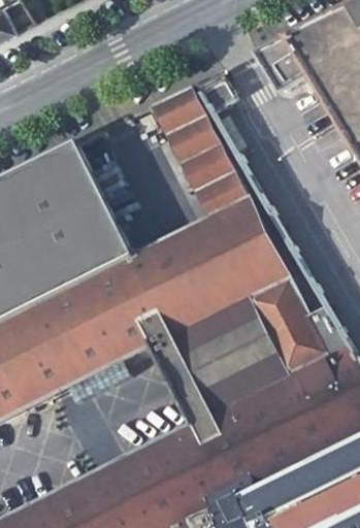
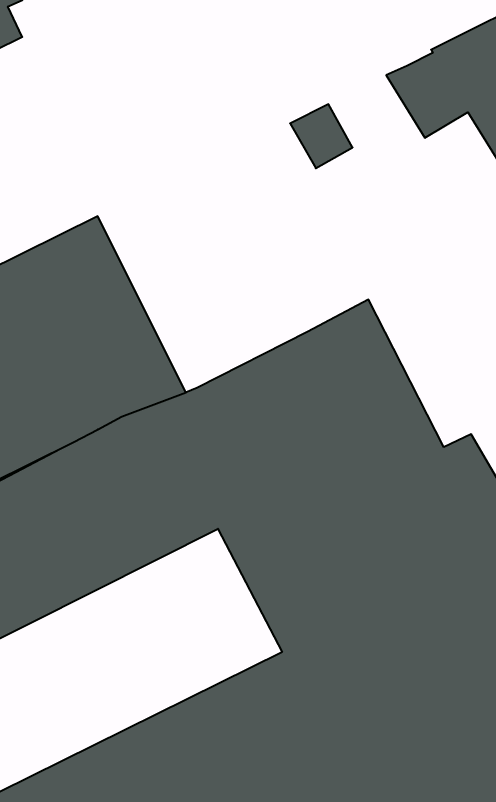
building: [153,85,250,218] -> none

